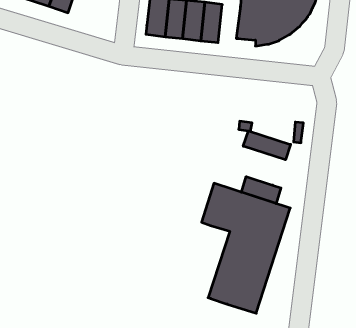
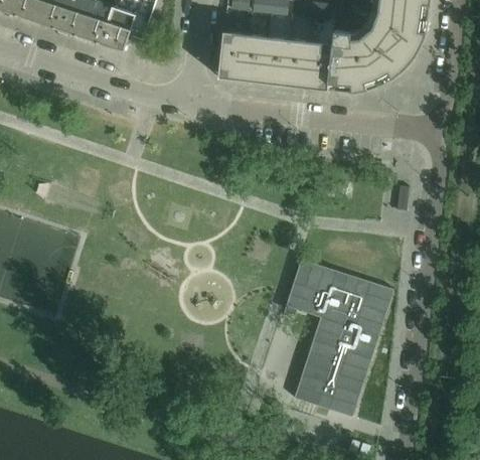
building: none -> [305,40,332,90]
building: [243,131,291,160] -> none
building: [241,177,281,204] -> none

